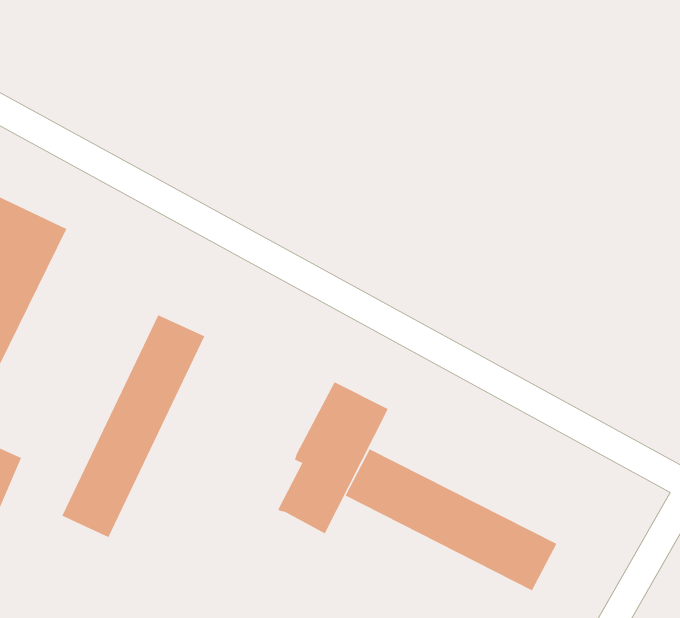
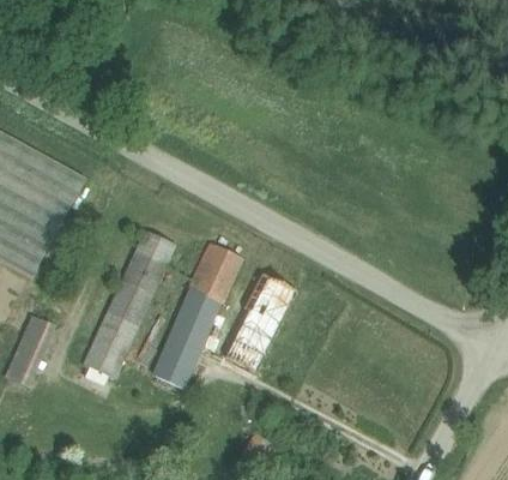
building: none -> [149,244,242,390]
building: [345,448,557,591] -> none

